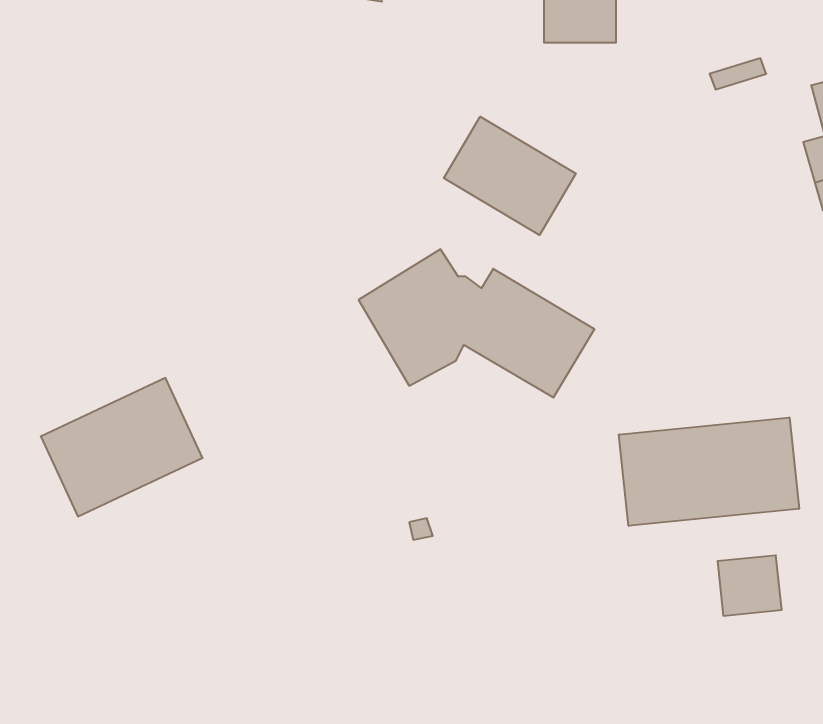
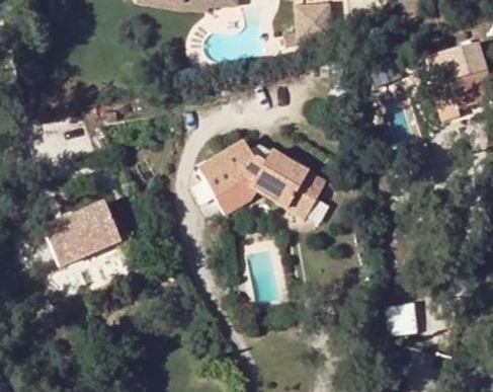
building: [444,117,576,235] -> none
building: [619,417,799,526] -> none

